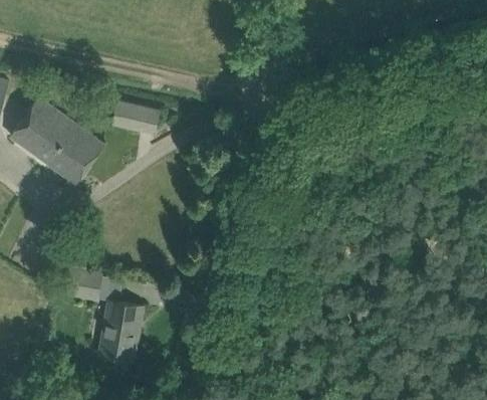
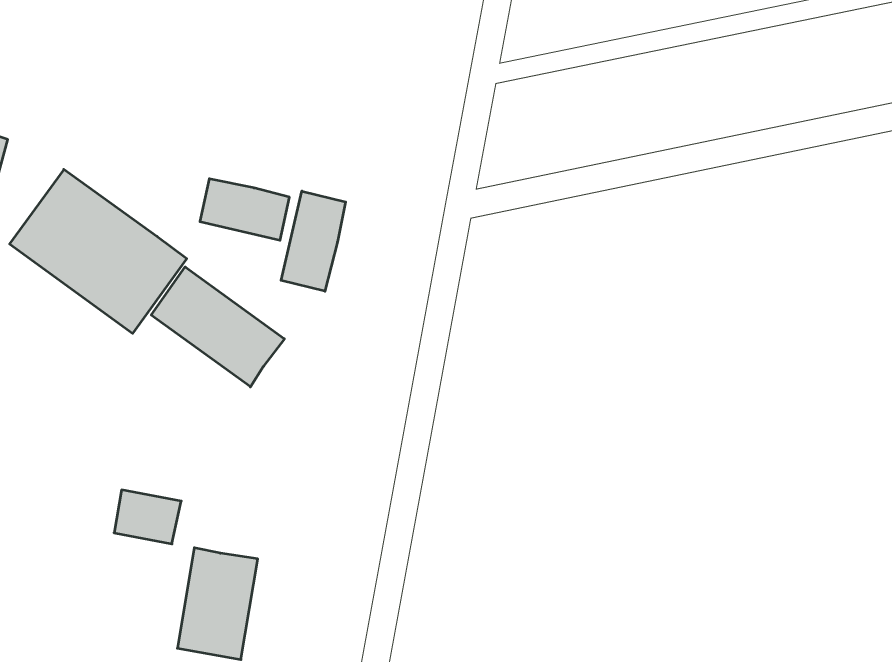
building: none -> [281,191,346,291]
building: none -> [151,267,284,387]

